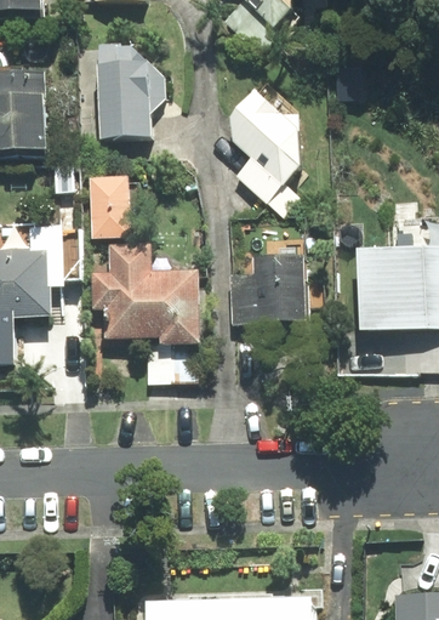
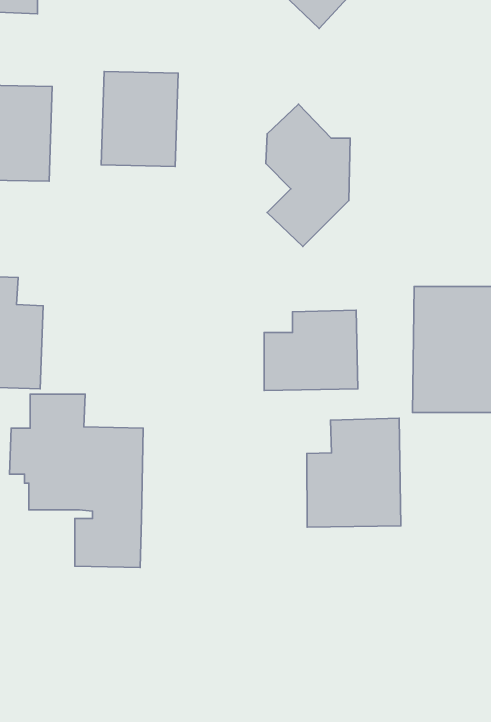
building: [87,175,130,237] -> none
building: [91,241,200,383] -> [10,394,143,568]
building: none -> [307,418,401,527]

